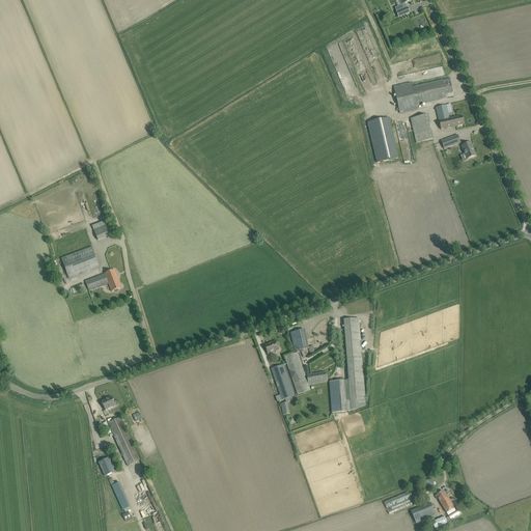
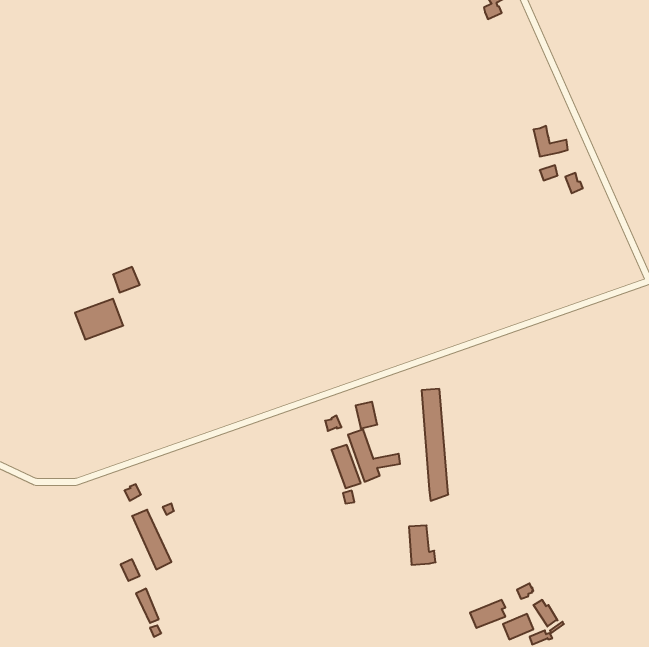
building: [394,77,454,112] -> none
building: [411,113,434,141] -> none
building: [368,116,398,161] -> none
building: [85,269,121,289] -> none
building: [330,379,352,411] -> [409,525,436,565]

